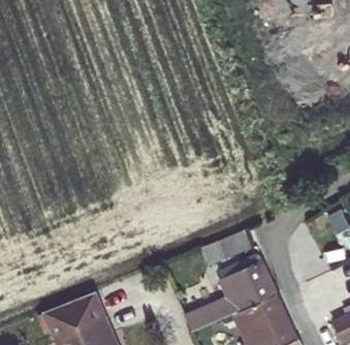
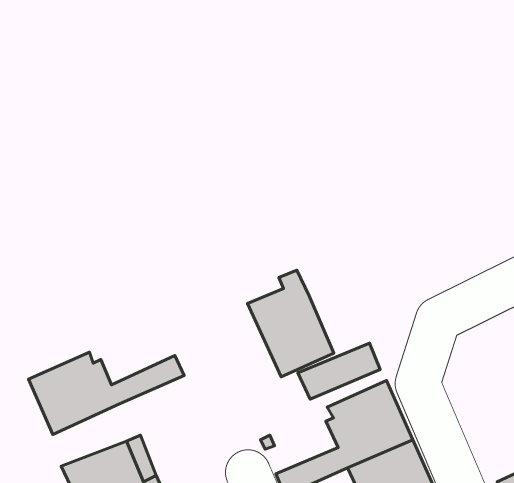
building: none -> [247,270,334,377]
building: none -> [28,352,184,434]

